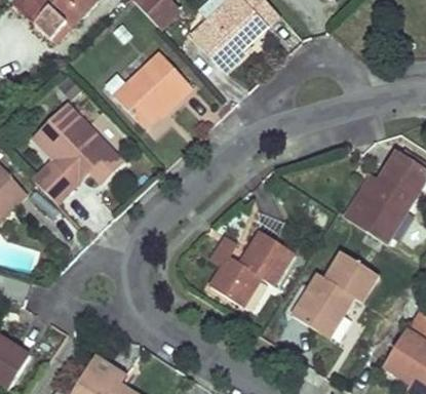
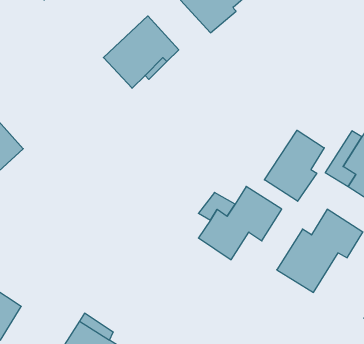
building: [33,103,122,200] -> none
building: none -> [264,130,324,201]

